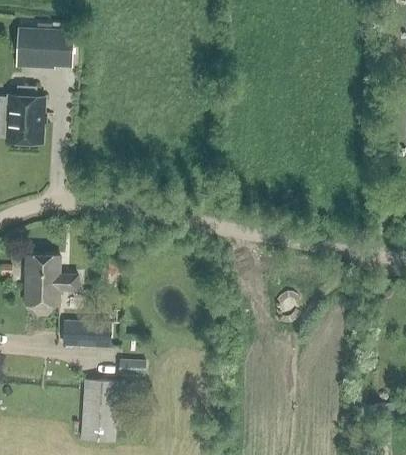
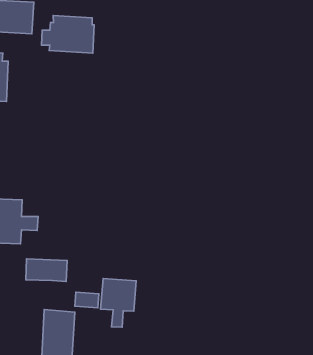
building: none -> [41,16,94,53]
building: none -> [101,279,136,327]

